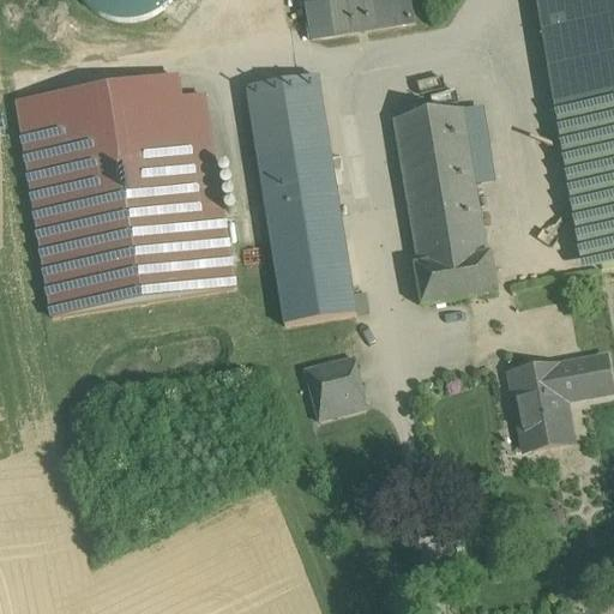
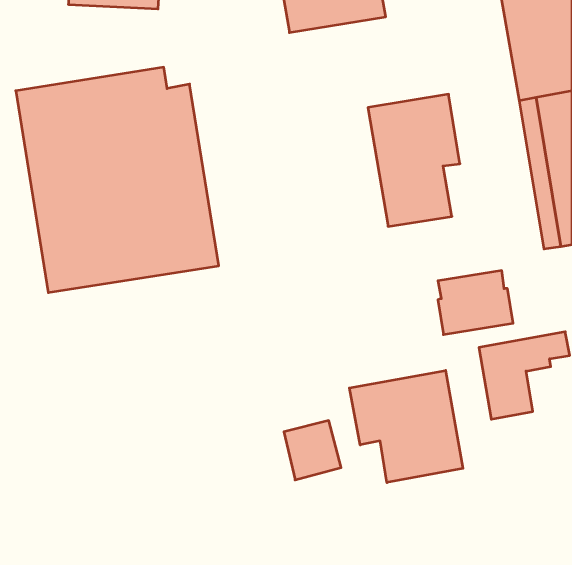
building: [246,72,356,321] -> none
building: [415,231,495,300] -> [438,271,513,335]
building: [305,355,366,419] -> [284,421,341,480]
building: none -> [349,370,463,483]

